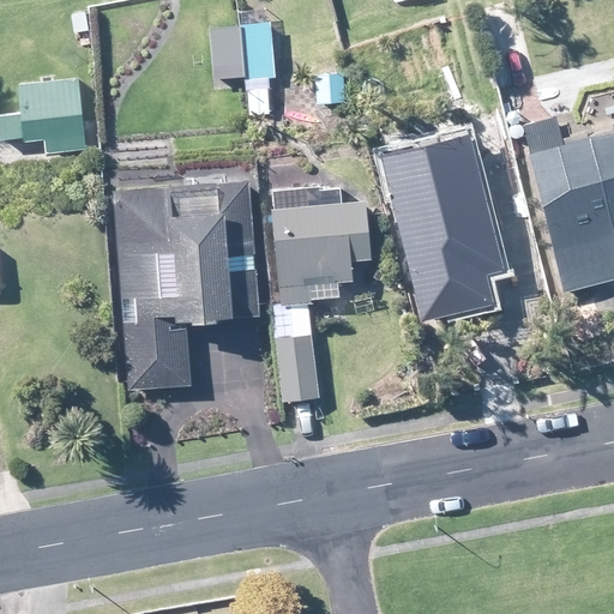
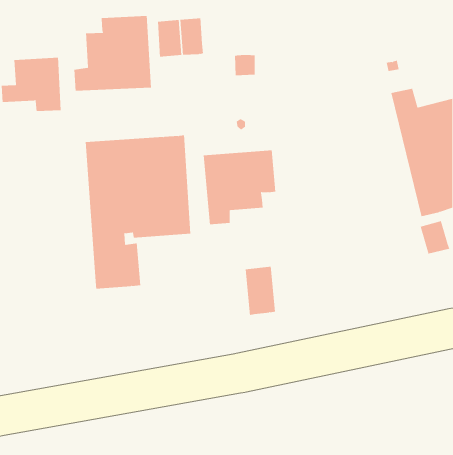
building: none -> [74,15,151,92]
building: [384,146,506,321] -> none
building: [275,336,317,402] -> [245,266,276,315]

